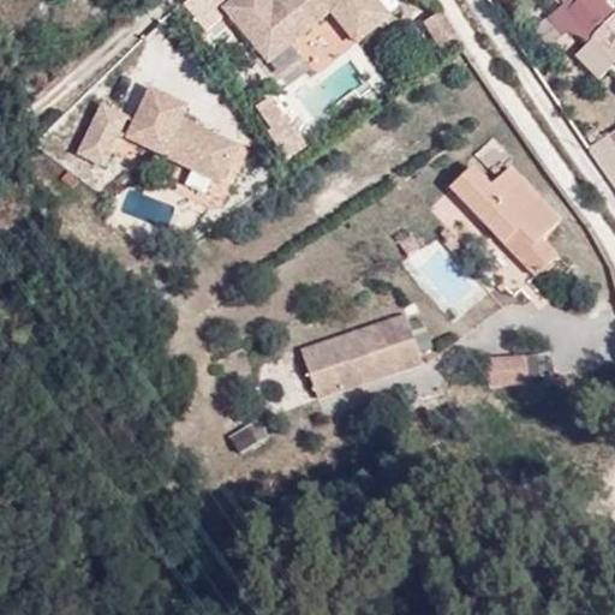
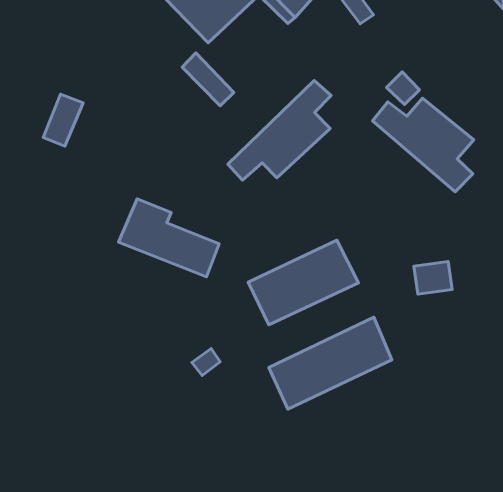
building: [136,106,246,199] -> [119,199,219,277]
building: none -> [228,81,331,180]
building: none -> [269,317,392,409]

